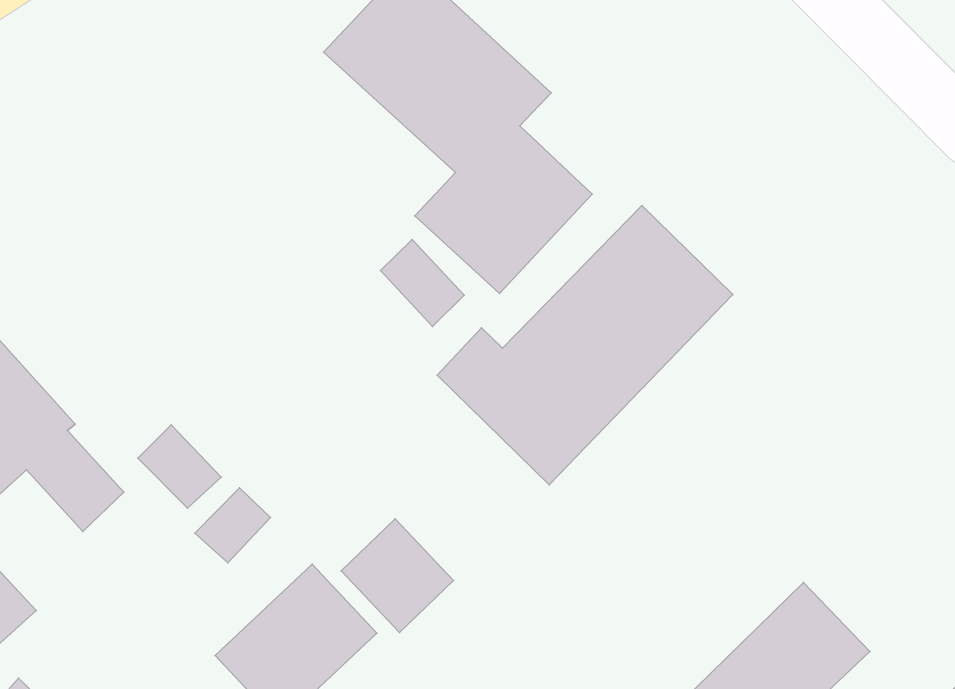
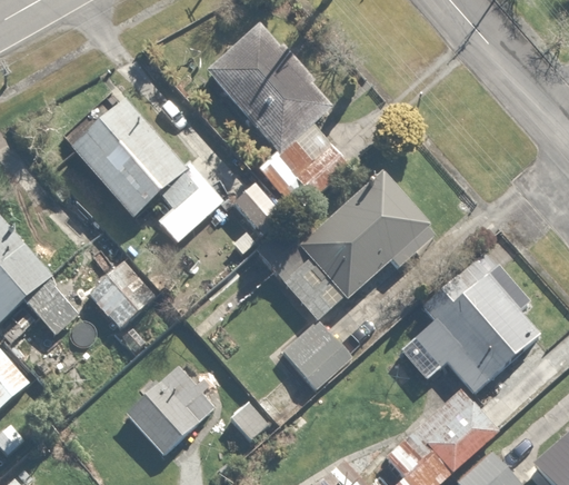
building: none -> [71,99,223,245]
building: none -> [399,237,541,393]
building: [341,519,453,632] -> [283,324,347,388]

